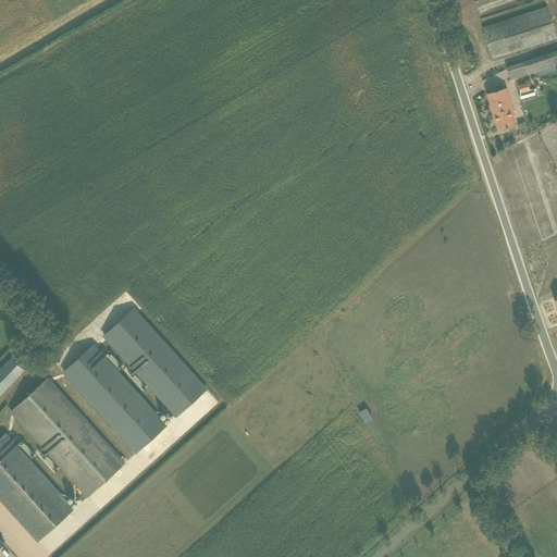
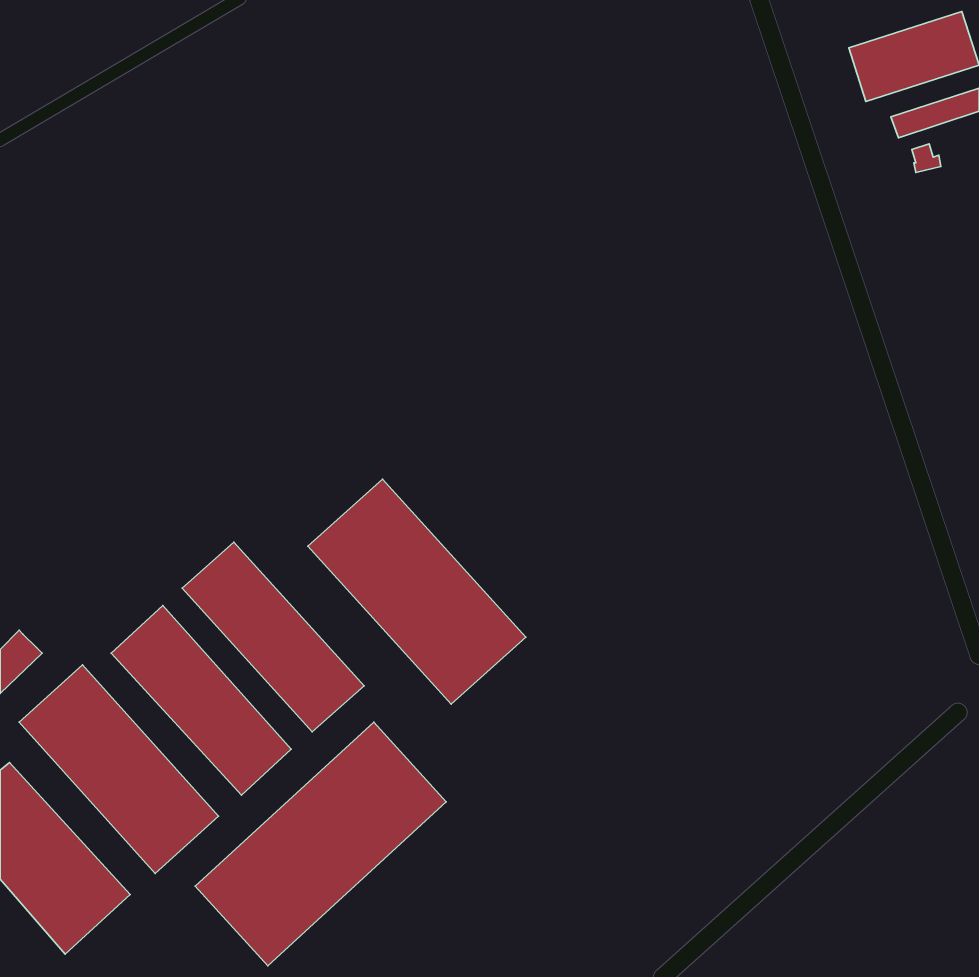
building: [487,87,515,129] -> none
building: none -> [308,479,526,704]
building: none -> [195,722,446,966]

